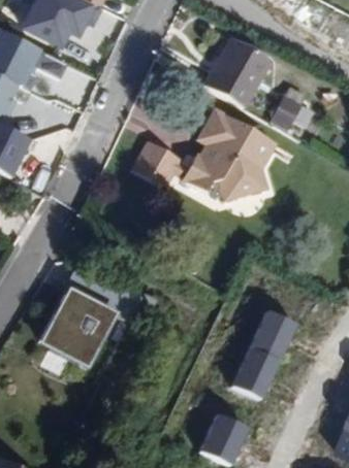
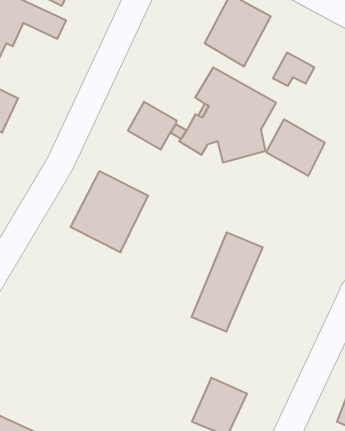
building: none -> [266,119,325,176]
building: [35,288,110,366] -> [70,171,148,252]
building: [227,306,296,402] -> [191,232,263,332]

